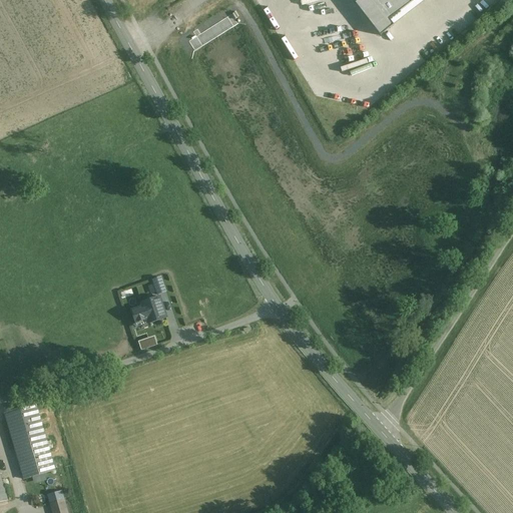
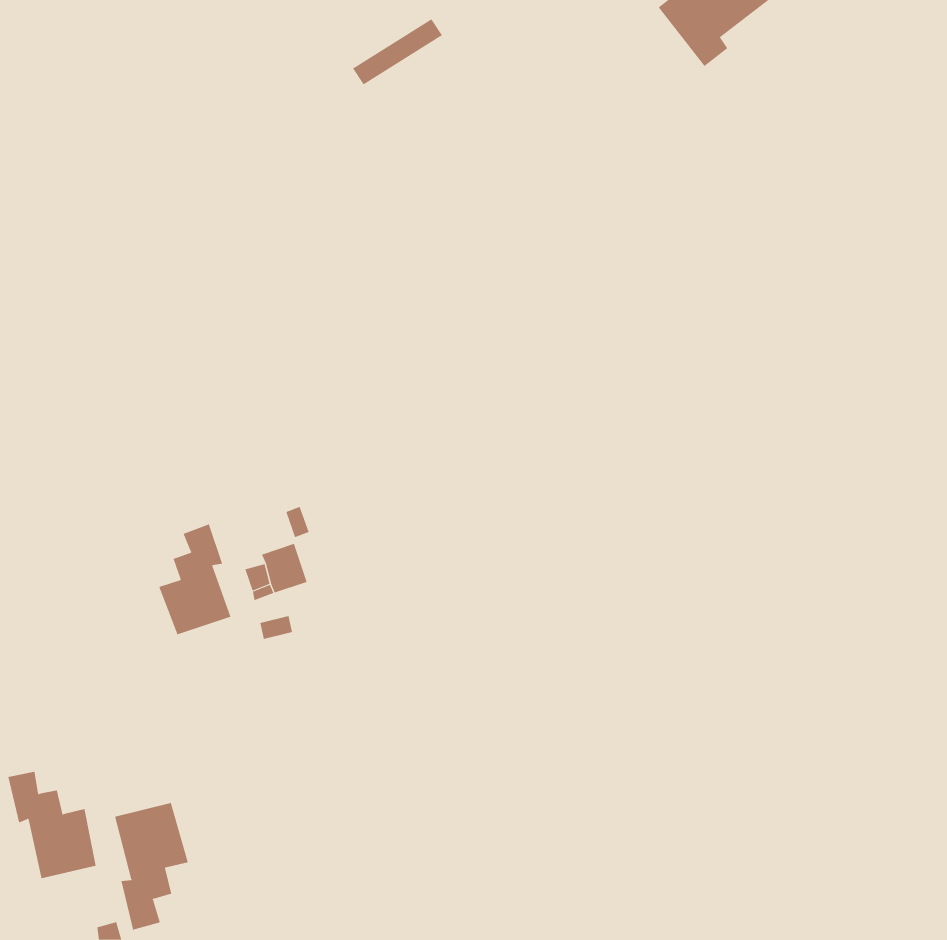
building: none -> [158,524,231,635]
building: none -> [114,802,188,931]

